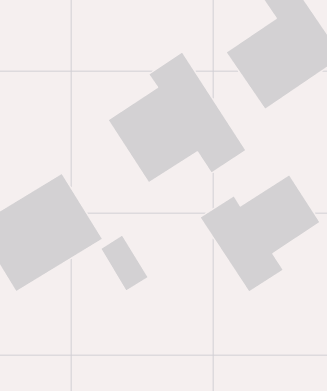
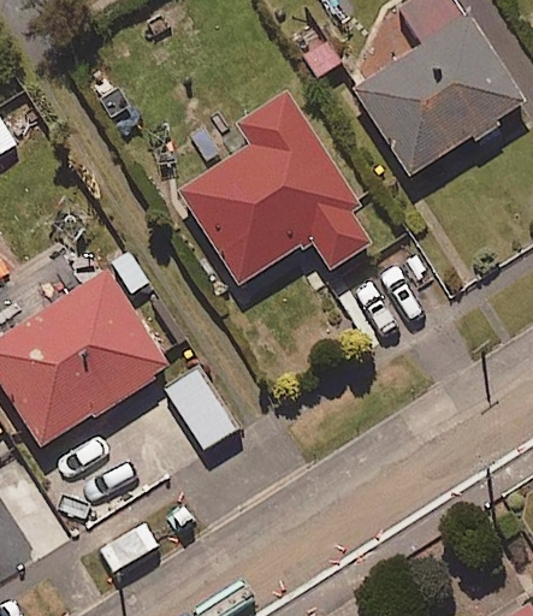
building: [200,174,320,292] -> none

